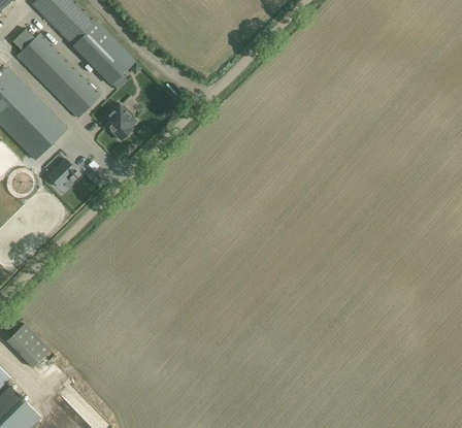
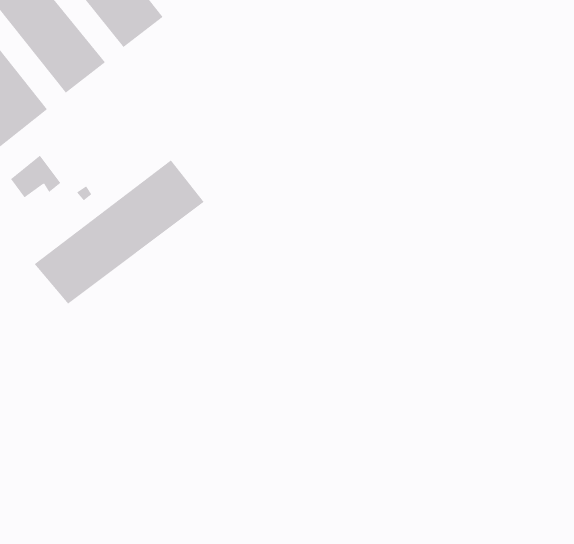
building: [105,104,136,140] -> none
building: none -> [34,160,204,305]

